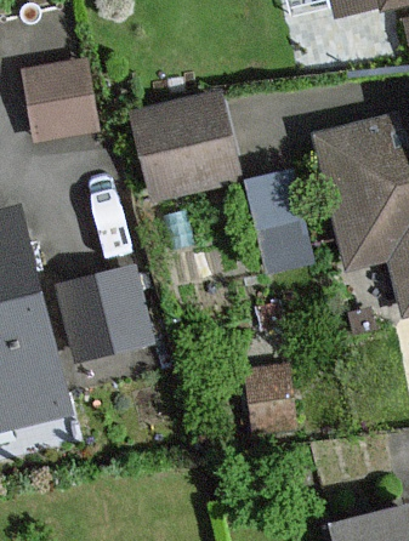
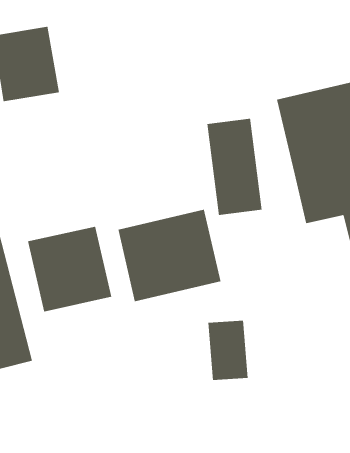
building: [136,96,239,198] -> none
building: none -> [118,209,221,302]

